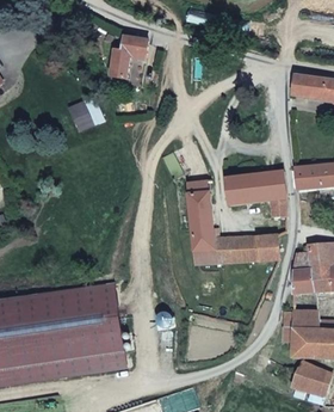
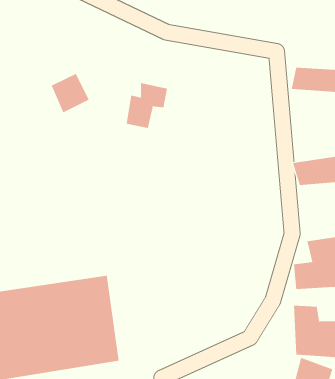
building: [110,36,151,81] -> [126,83,168,128]
building: [225,171,287,217] -> none
building: [190,193,280,264] -> none

